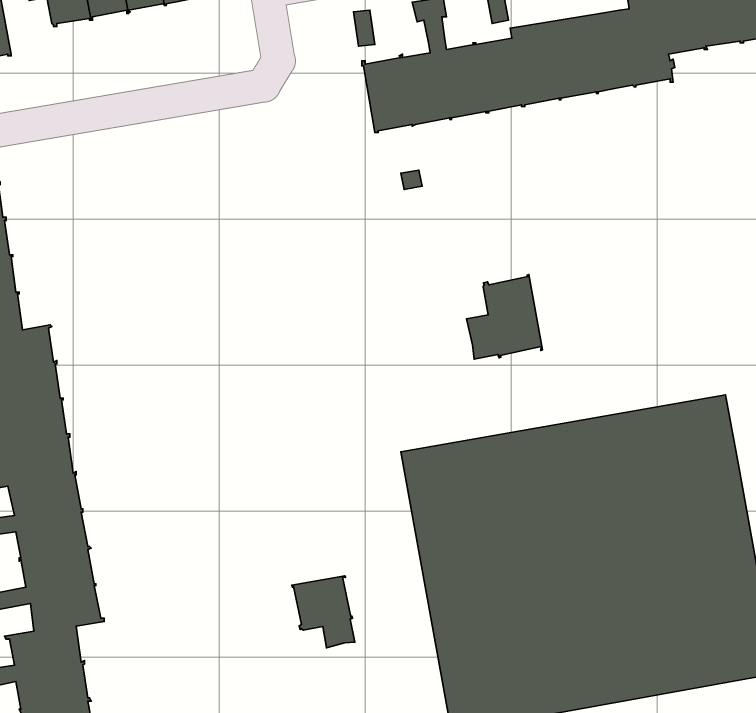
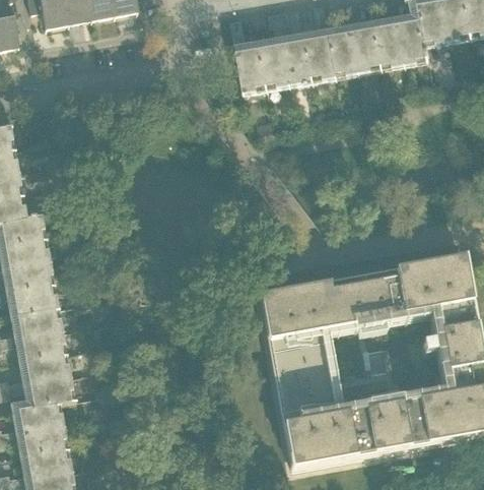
building: [466,274,543,359] -> none
building: [292,576,355,648] -> none

